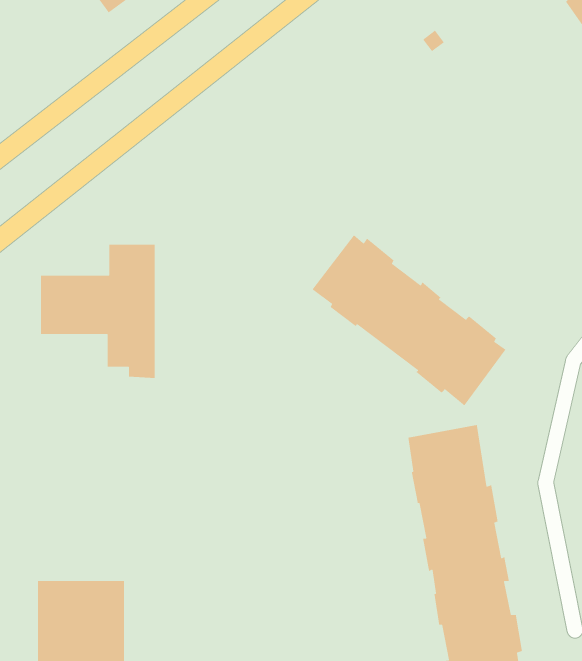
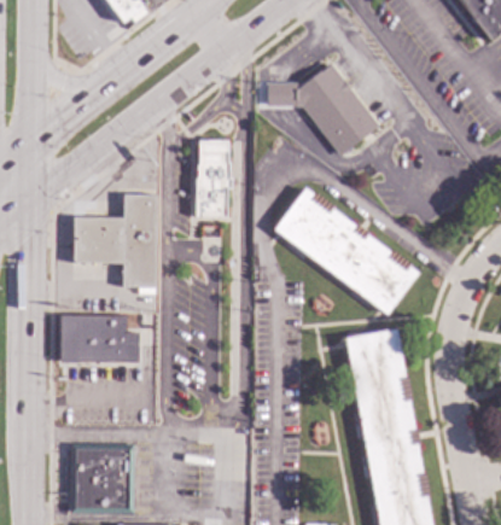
building: none -> [267,62,379,156]
building: none -> [194,142,229,217]
building: none -> [59,314,140,362]

